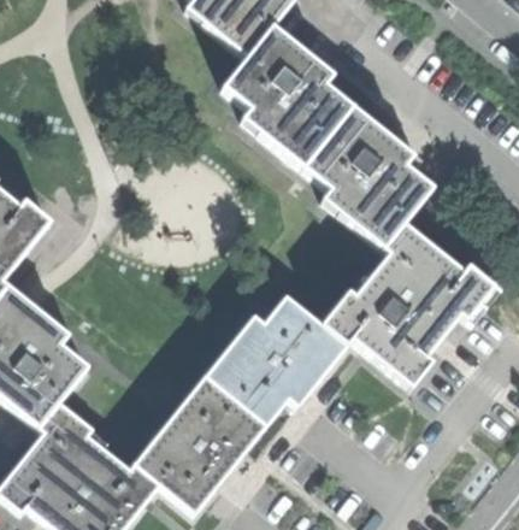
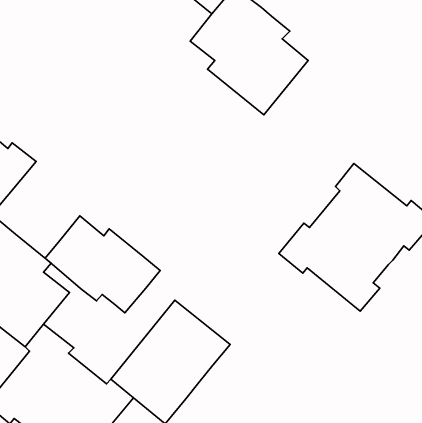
building: [305,108,434,248] -> none
building: none -> [45,216,160,313]
building: [206,295,348,424] -> none

